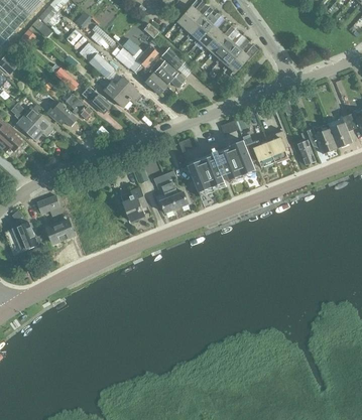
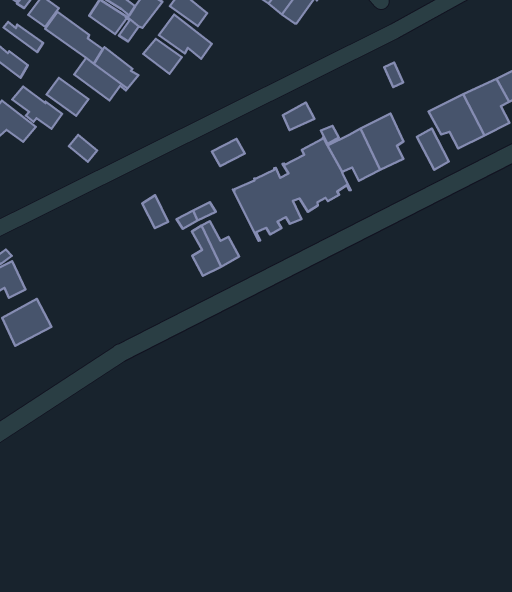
building: [120,188,145,223] -> none

